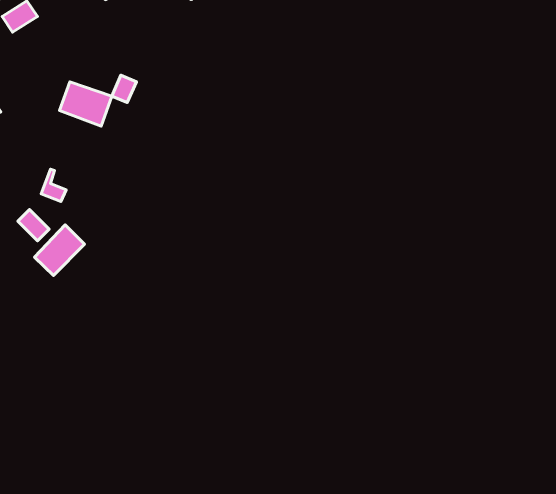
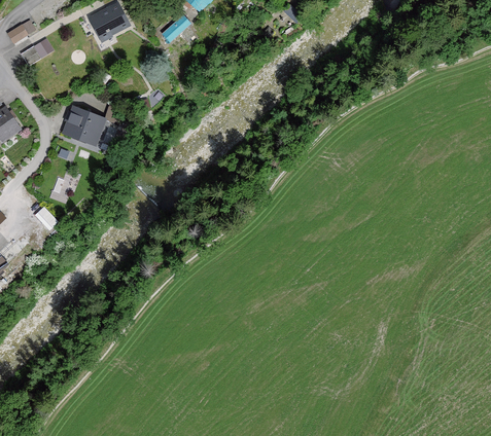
building: [34,225,85,275] -> none

